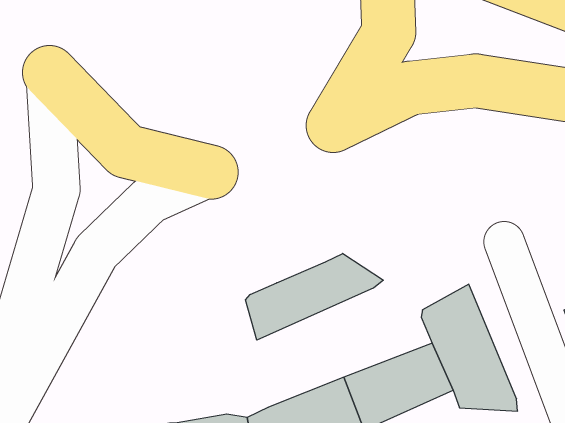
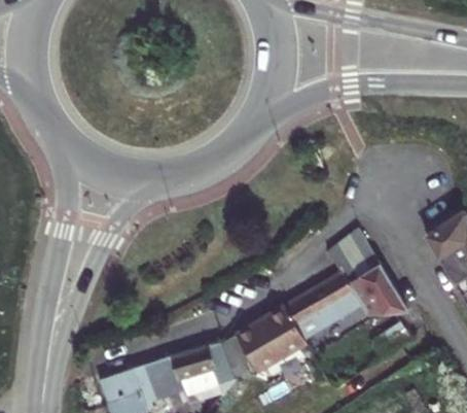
building: [246,253,383,340] -> none

